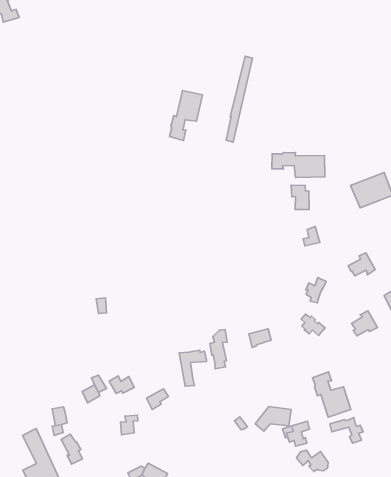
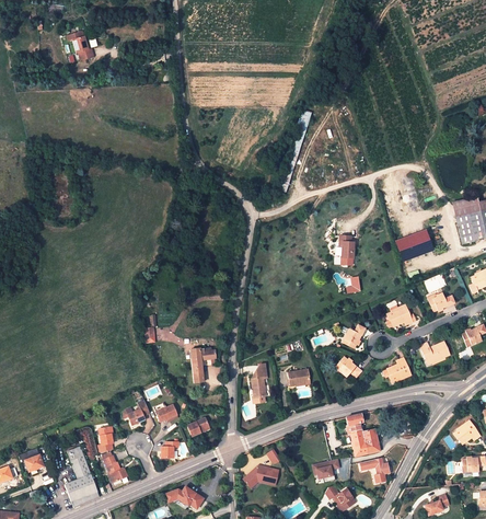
building: [170,90,202,140] -> none
building: [272,152,325,177] -> none
building: [179,350,207,386] -> [190,349,216,382]
building: [255,406,291,431] -> [242,464,277,487]

